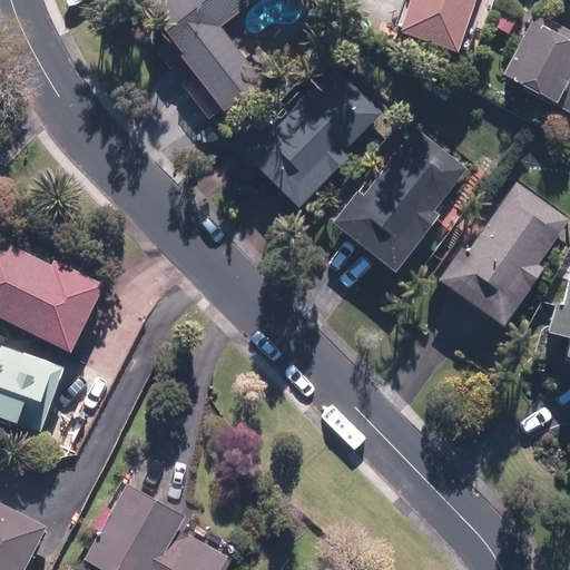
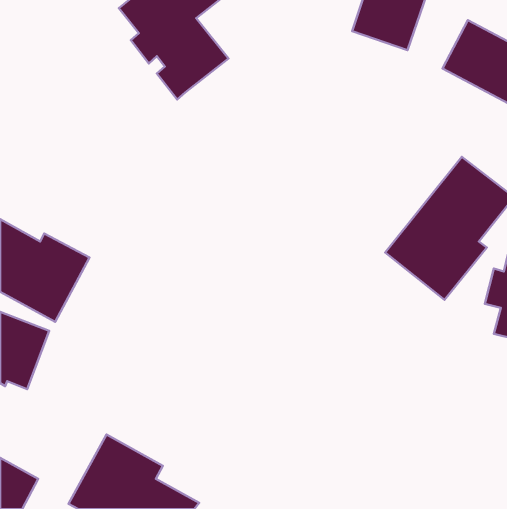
building: [230,62,386,207] -> none
building: [332,128,472,275] -> none

